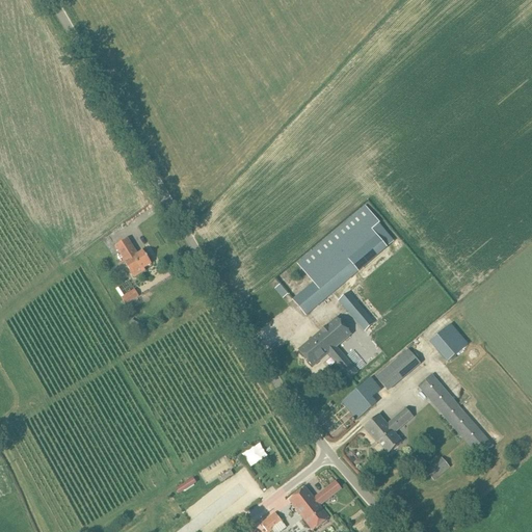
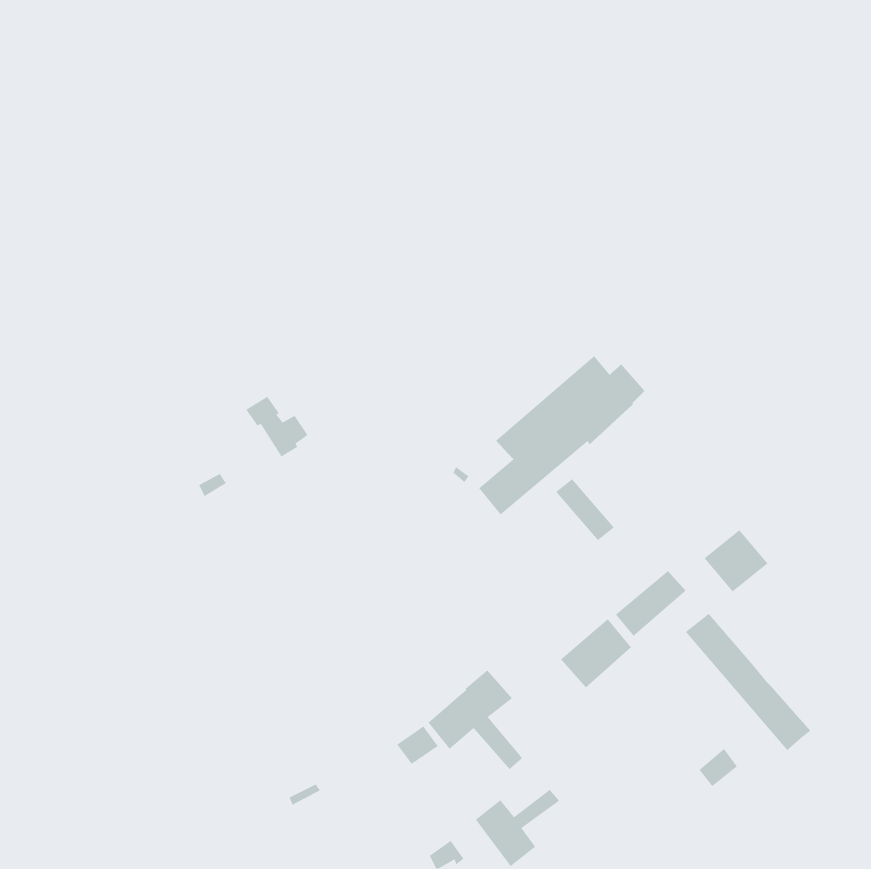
building: [111,238,150,275] -> [245,396,308,457]
building: [298,316,356,377] -> [427,669,523,770]
building: [363,406,413,452] -> none

